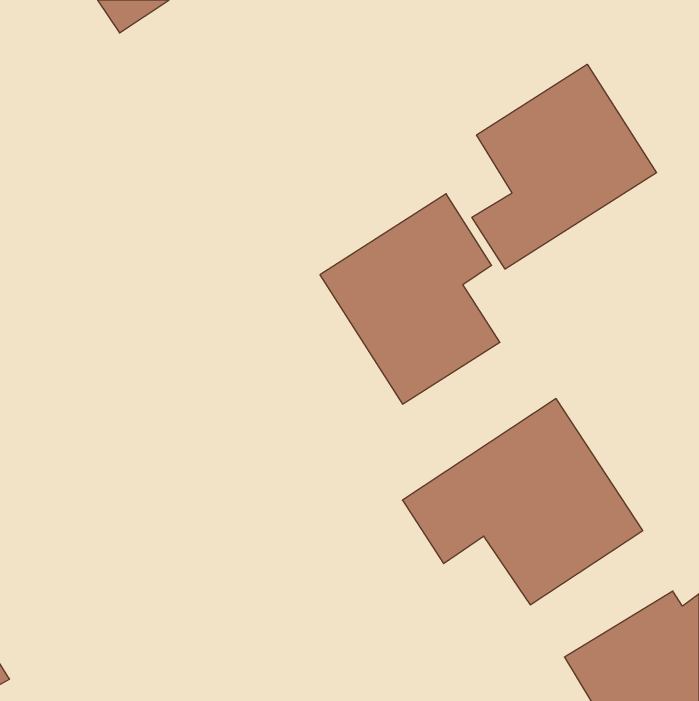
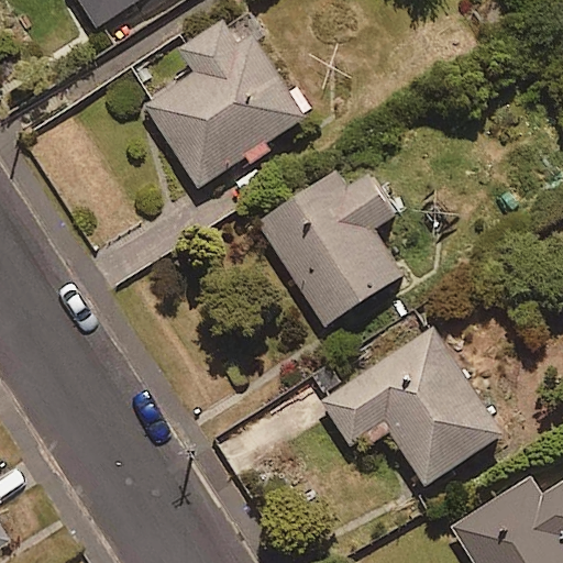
building: none -> [144,12,305,187]
building: [472,64,657,269] -> none

